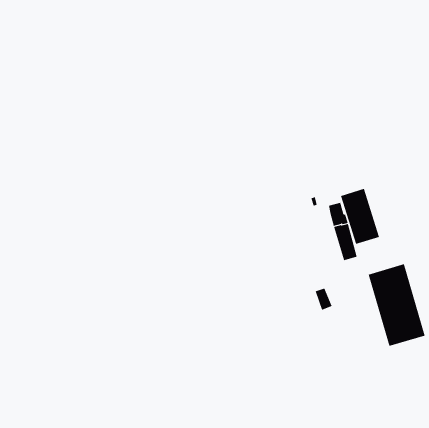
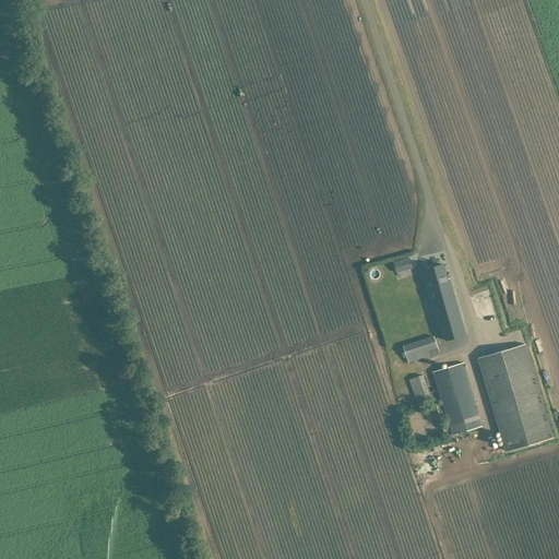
building: [340,188,380,245] -> [432,361,484,435]
building: none -> [403,334,440,362]

